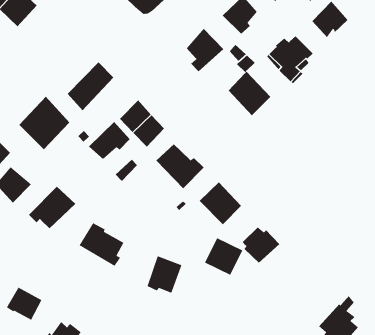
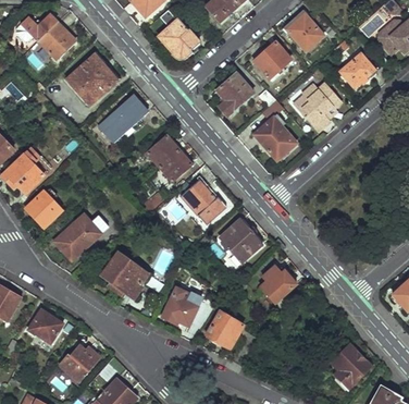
building: [18,96,70,150] -> [67,53,117,106]
building: [88,121,131,160] -> none
building: [204,237,243,276] -> [206,310,245,348]

